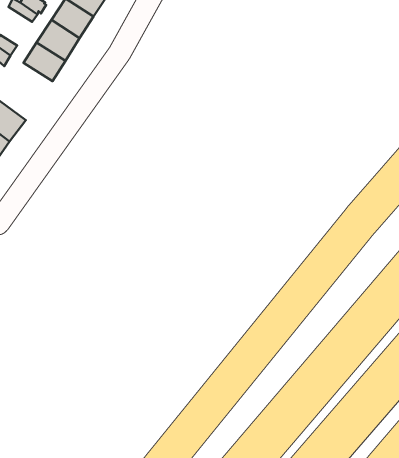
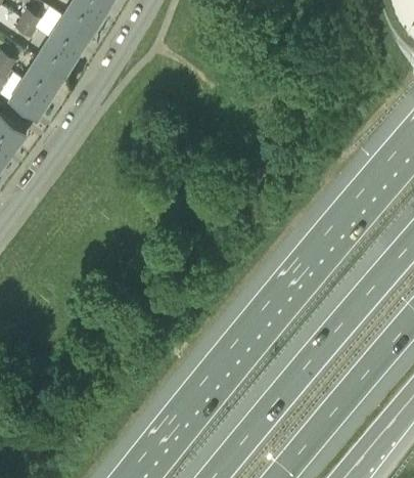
building: none -> [9,80,50,120]

